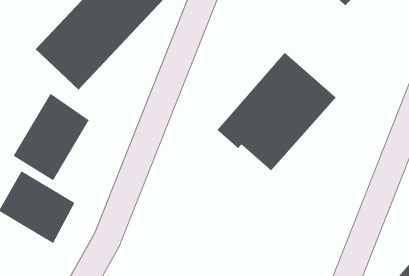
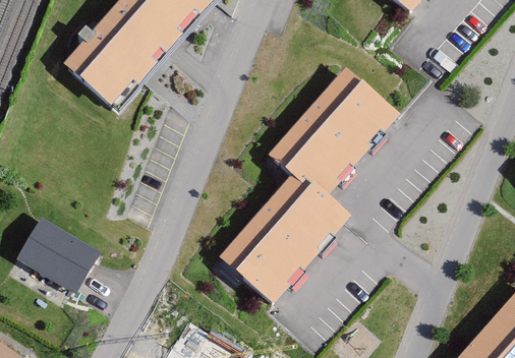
building: [13,93,90,181] -> none
building: none -> [219,175,349,309]

